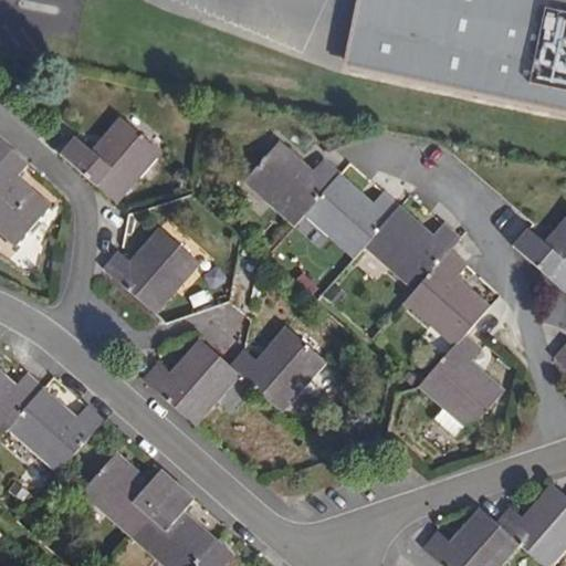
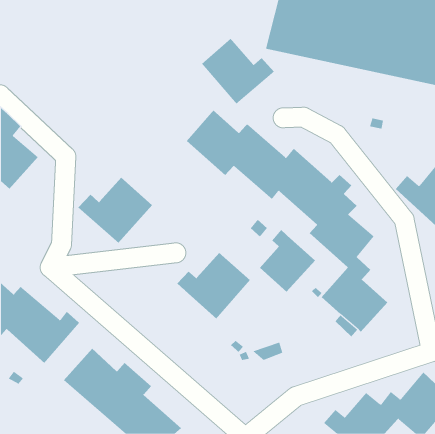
building: none -> [201,38,275,104]
building: [61,118,161,205] -> none
building: none -> [259,229,316,293]
building: [144,340,240,427] -> none

